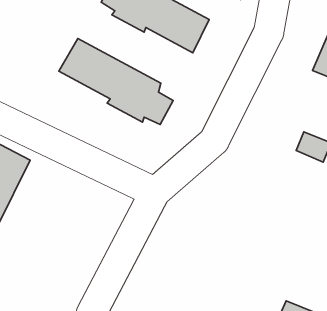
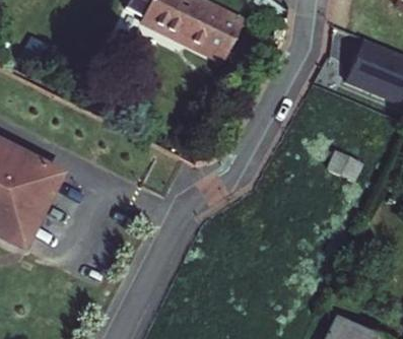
building: [59,38,173,125] -> none

